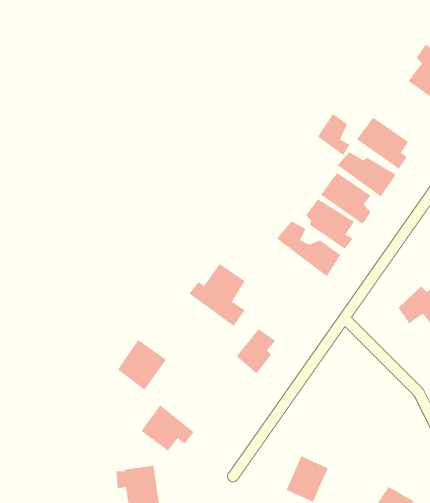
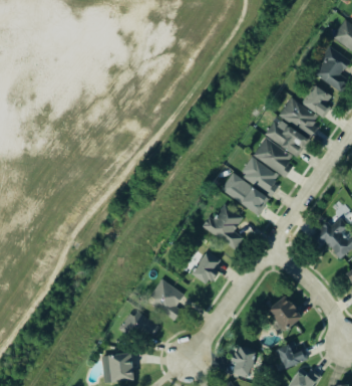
building: [317,113,350,156] -> [303,85,327,117]
building: [189,263,245,327] -> [203,203,244,249]
building: [117,339,167,390] -> [148,279,185,317]
building: none -> [268,296,303,331]
building: none -> [278,342,309,369]

